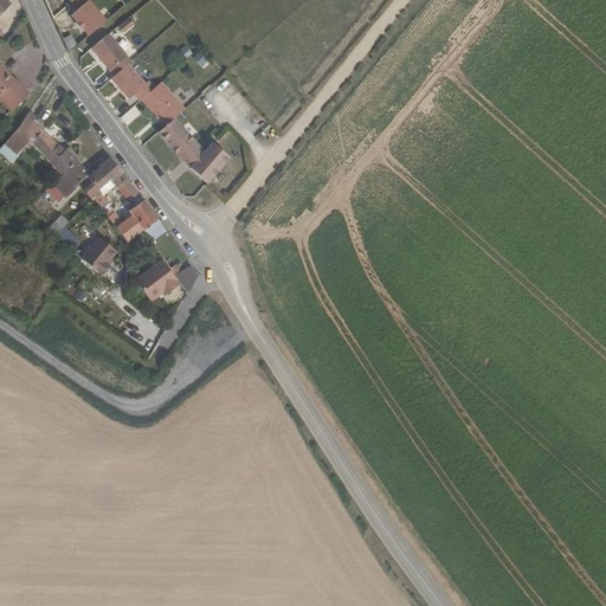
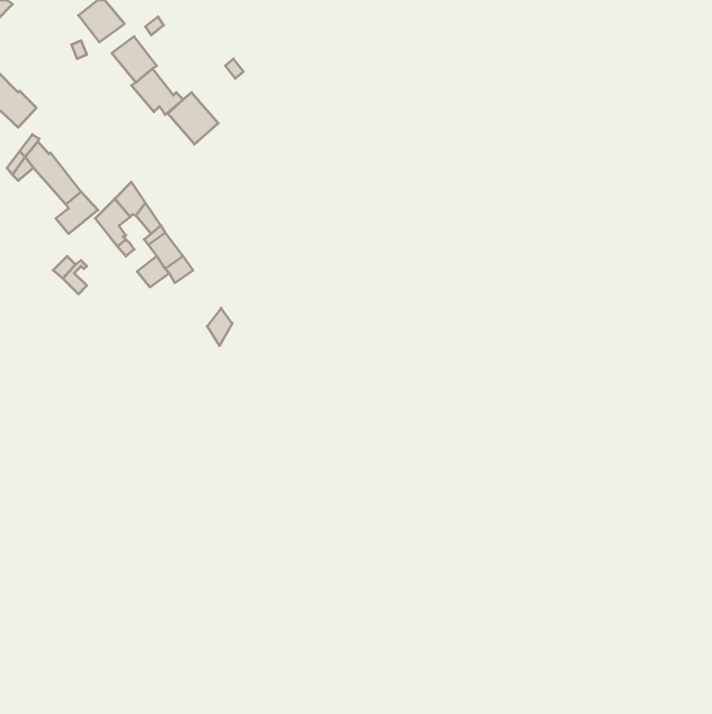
building: [156,115,228,181] -> none
building: [78,238,116,276] -> none
building: [131,260,178,304] -> none

